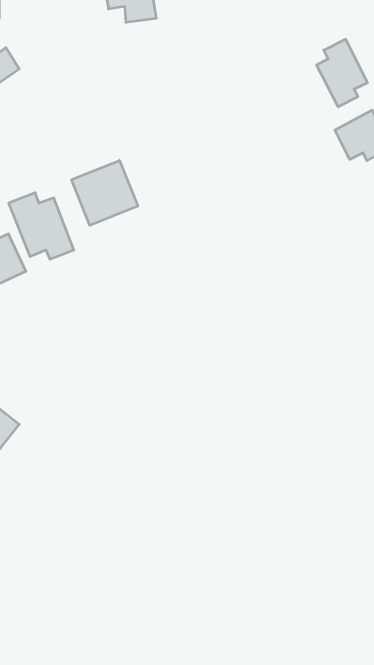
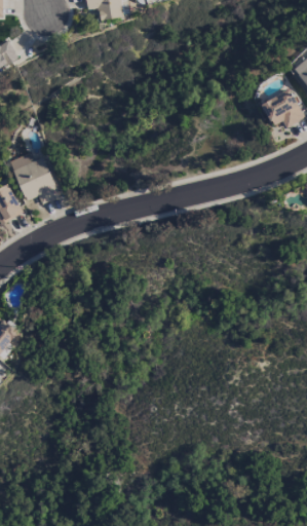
building: [317,39,367,107] -> none
building: [72,160,138,225] -> none

